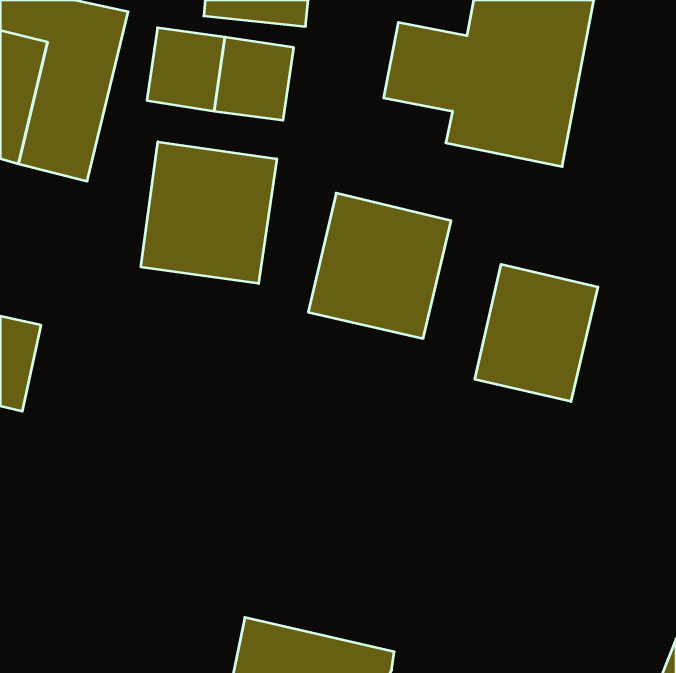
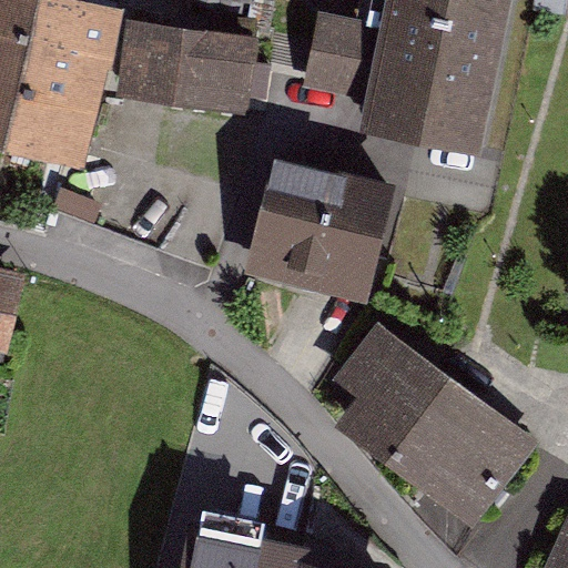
building: [141,142,277,284] -> none
building: [475,264,598,402] -> none
building: none -> [346,331,525,515]

